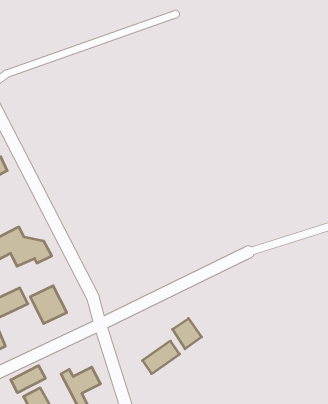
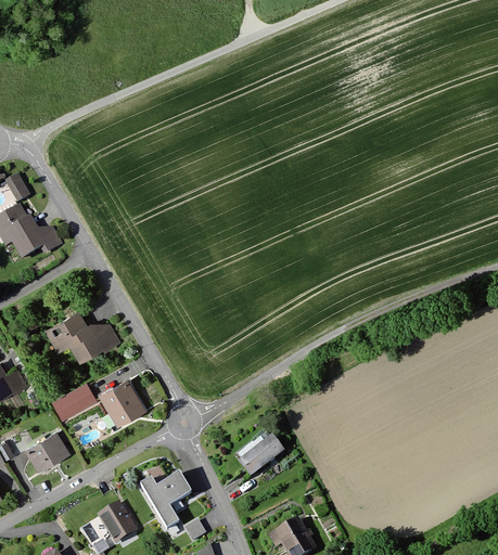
building: [172,318,202,349] -> none
building: [11,366,45,393] -> none

